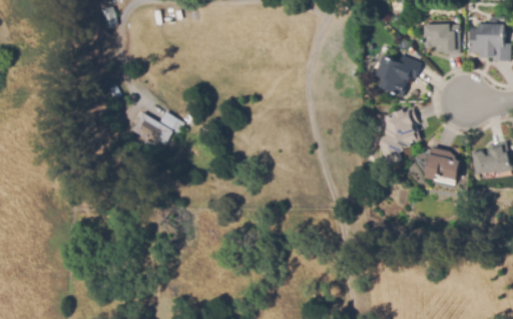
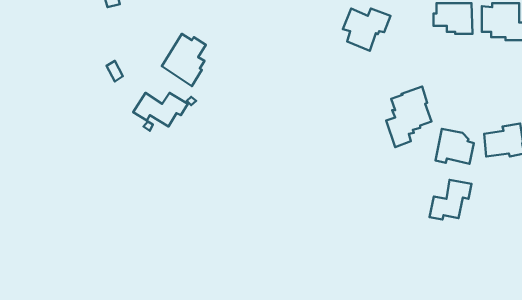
building: none -> [162,34,206,86]
building: [375,55,421,96] -> [343,9,390,51]
building: none -> [430,180,471,220]

